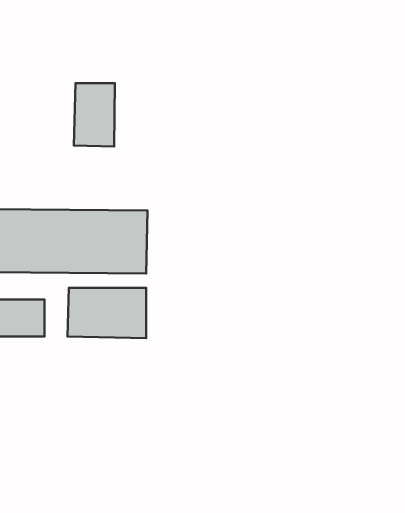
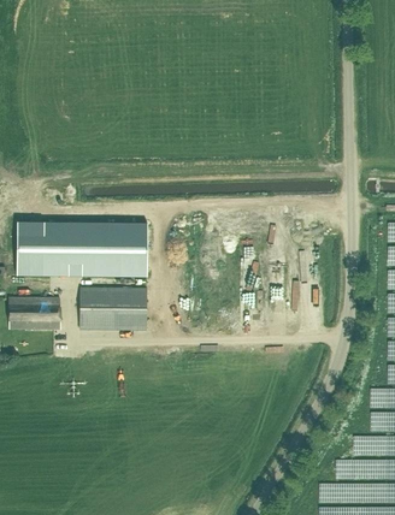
building: [74,83,115,147] -> none

